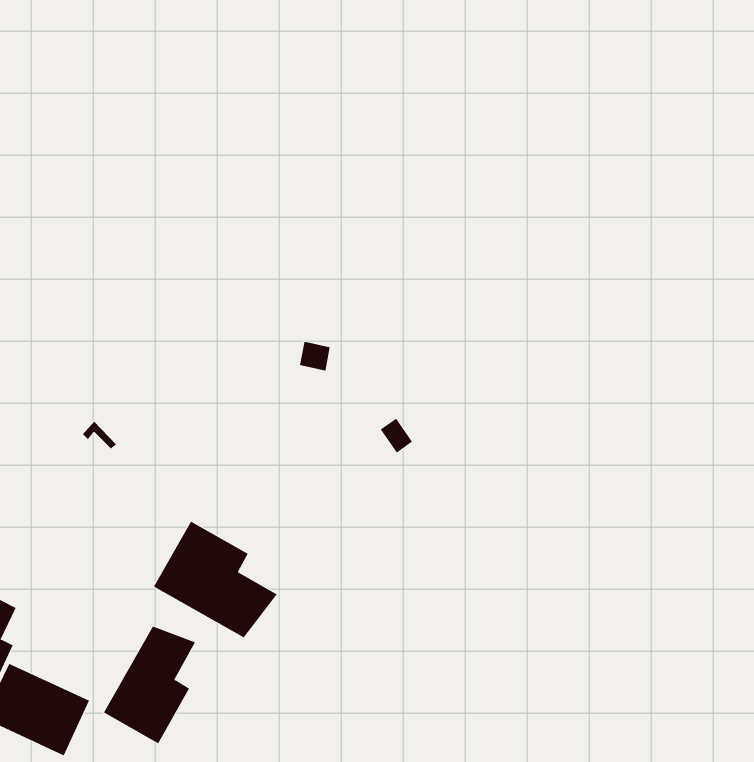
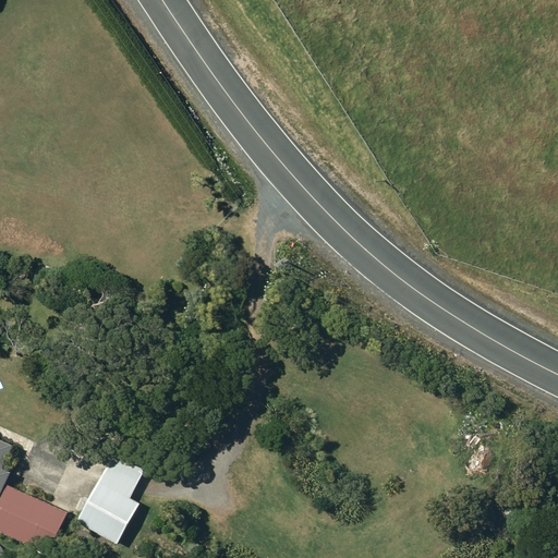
building: [153,521,277,638] -> none

